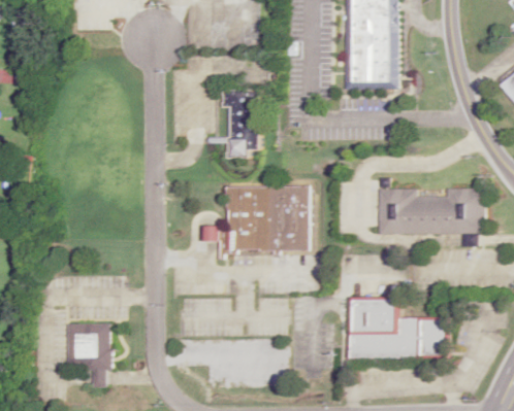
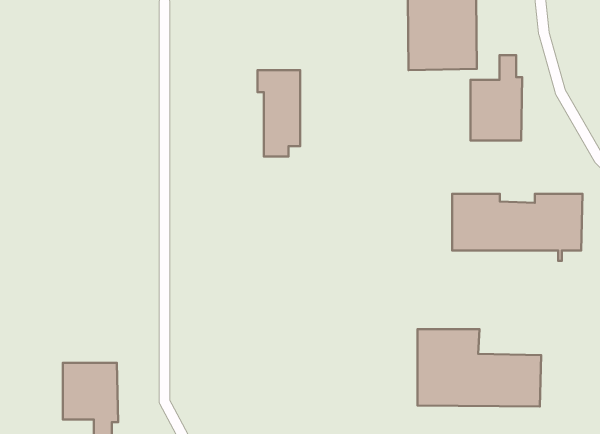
building: none -> [471,55,522,140]
building: [203,186,309,254] -> none

